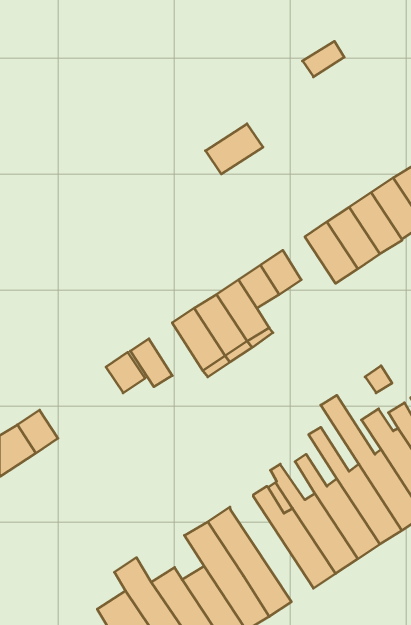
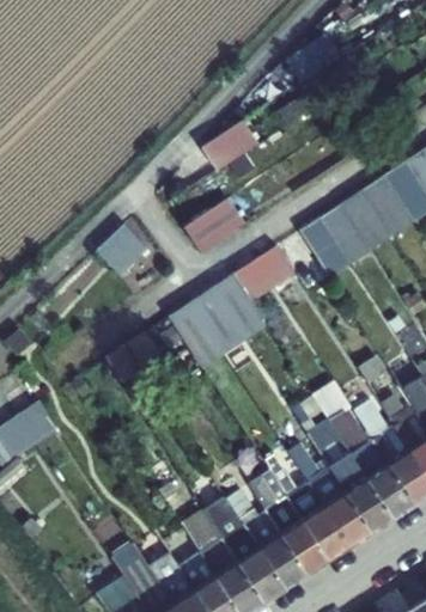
building: none -> [184,198,243,251]
building: none -> [97,224,147,274]
building: none -> [227,483,308,586]

